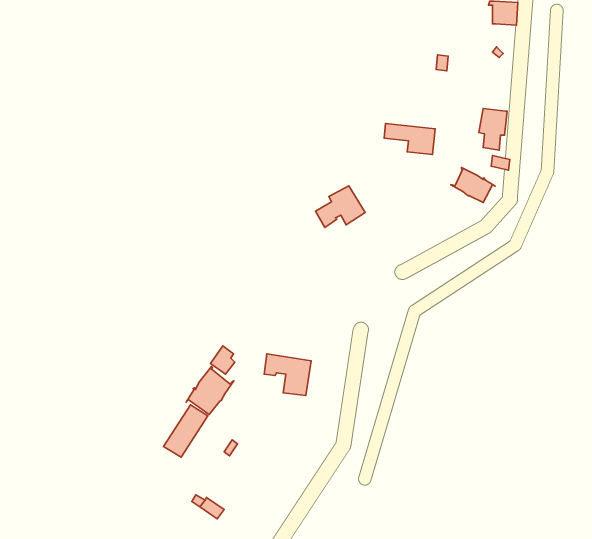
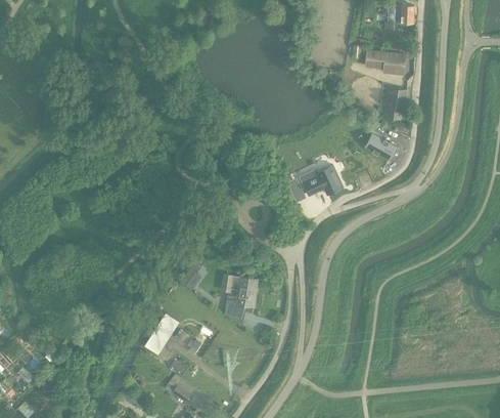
building: [384,124,435,154] -> [365,50,404,74]
building: [315,186,365,227] -> [302,168,339,200]
building: [186,367,234,415] -> none

